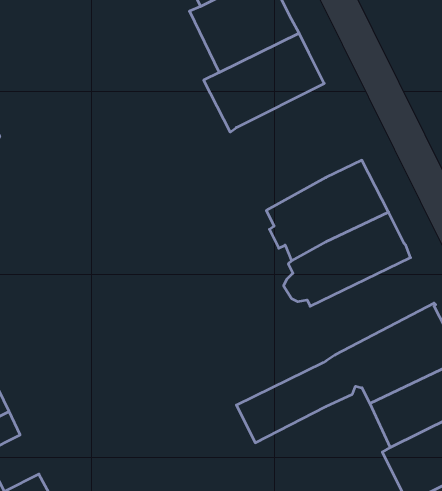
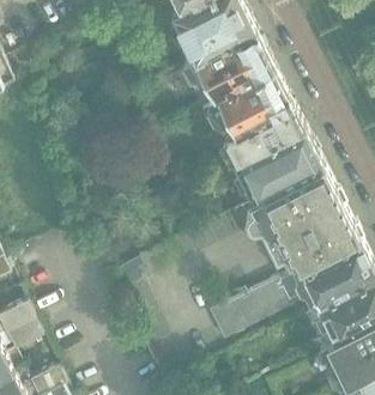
building: none -> [202,66,300,163]
building: none -> [260,199,355,273]

